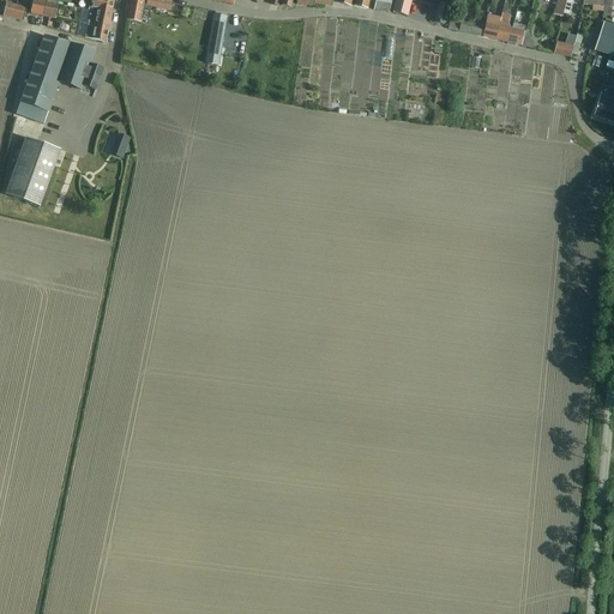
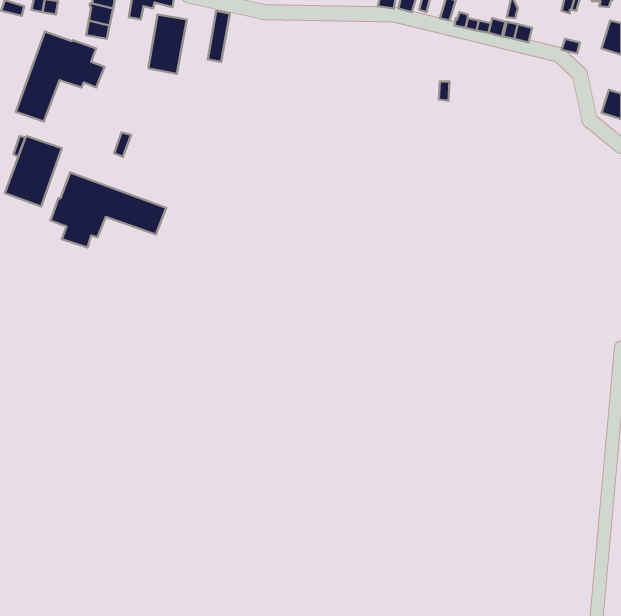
building: none -> [148,14,187,74]
building: none -> [51,173,166,248]

